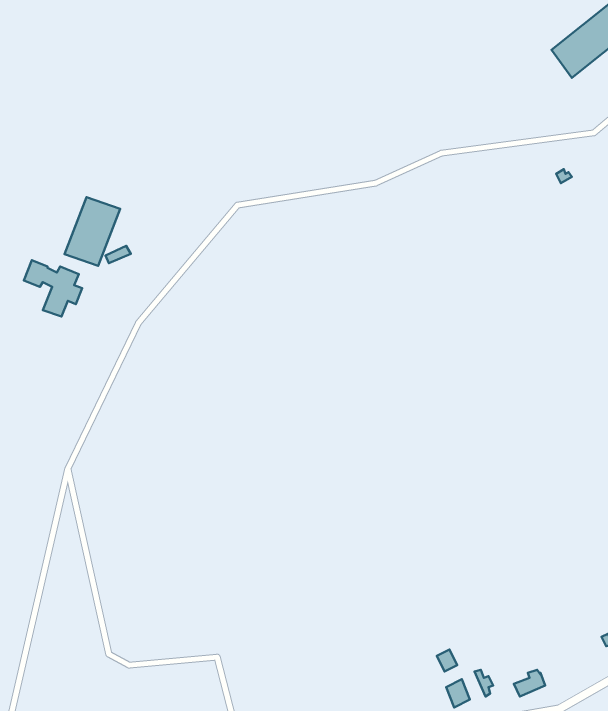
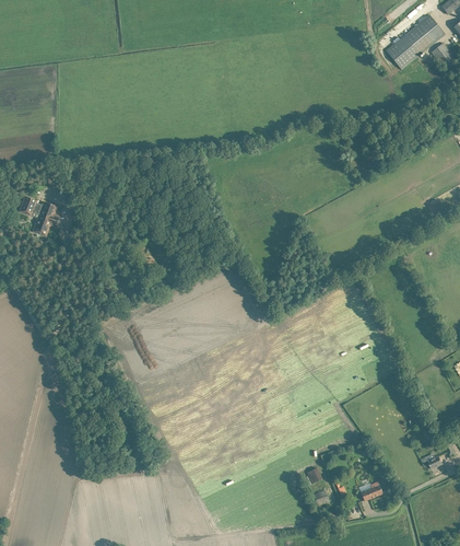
building: [65,197,120,266] -> none

